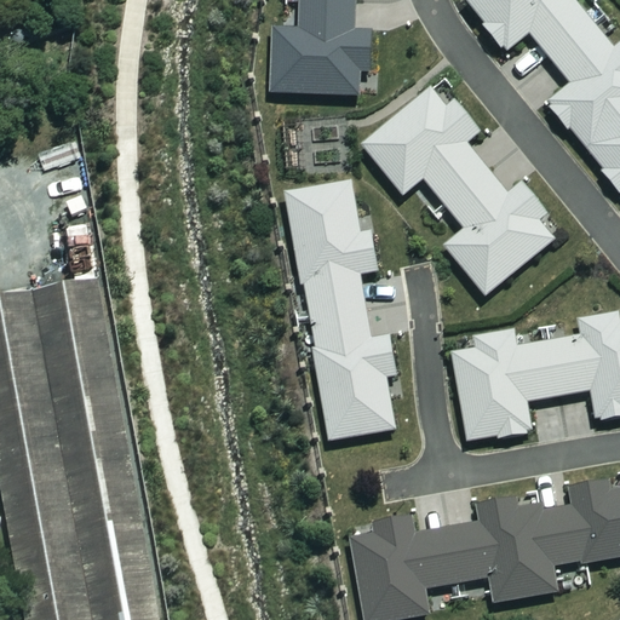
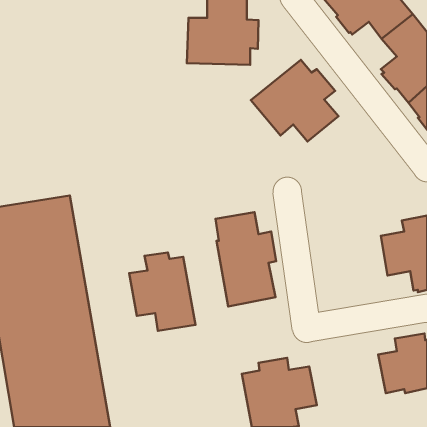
building: [442,167,557,295] -> none
building: [283,179,380,315] -> none
building: [452,329,557,440] -> none
building: none -> [129,252,195,331]
building: [444,495,558,603] -> none

